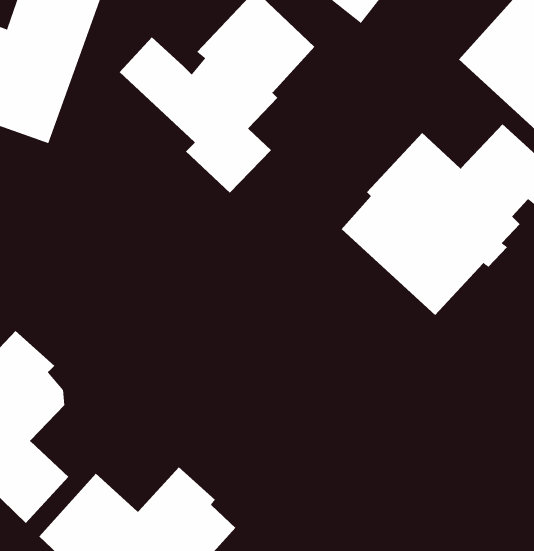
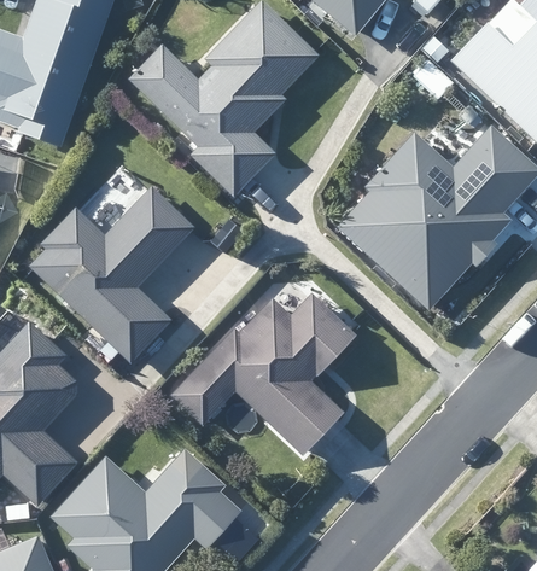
building: none -> [25,188,193,361]
building: none -> [173,290,356,451]

